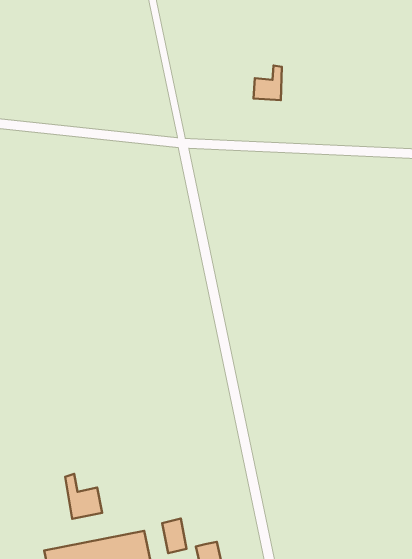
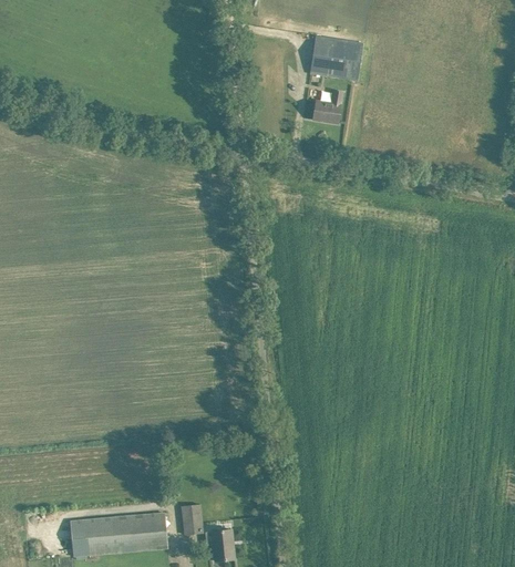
building: none -> [310,34,363,80]
building: [65,474,102,519] -> none

